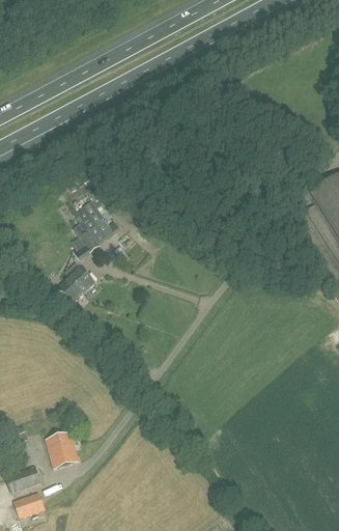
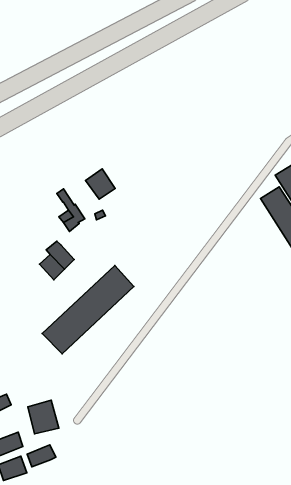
building: none -> [85,169,115,199]
building: none -> [42,265,134,354]
building: none -> [27,445,56,467]

